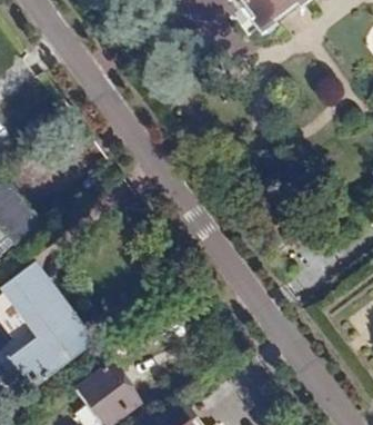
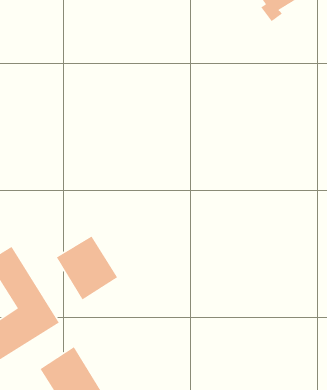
building: none -> [56,235,118,300]

